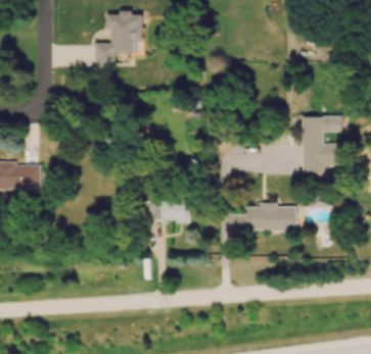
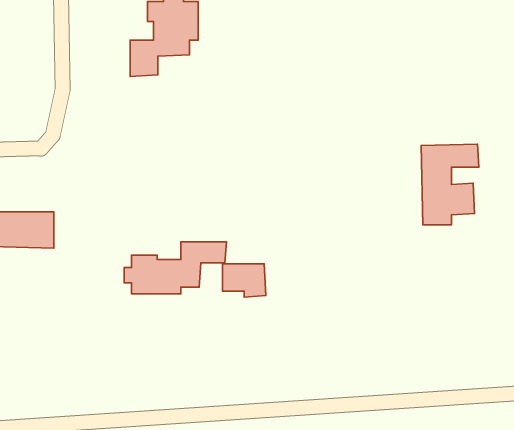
building: none -> [124,242,227,294]
building: [230,203,296,236] -> none

